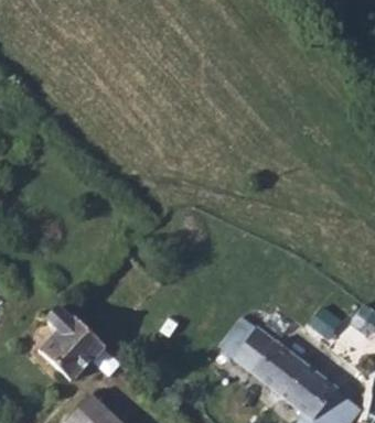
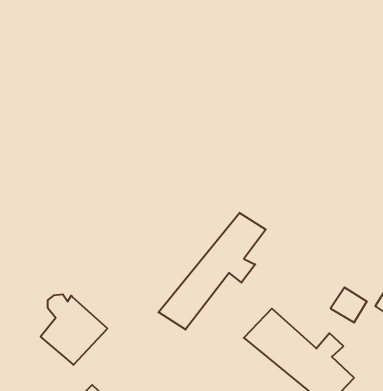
building: none -> [158,213,266,330]

